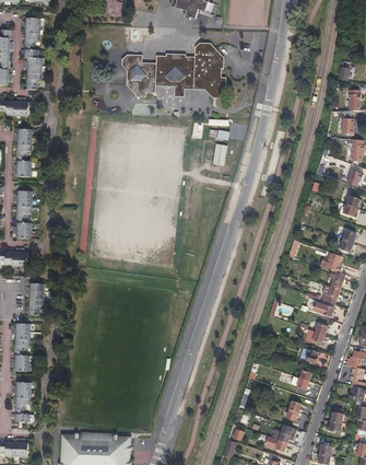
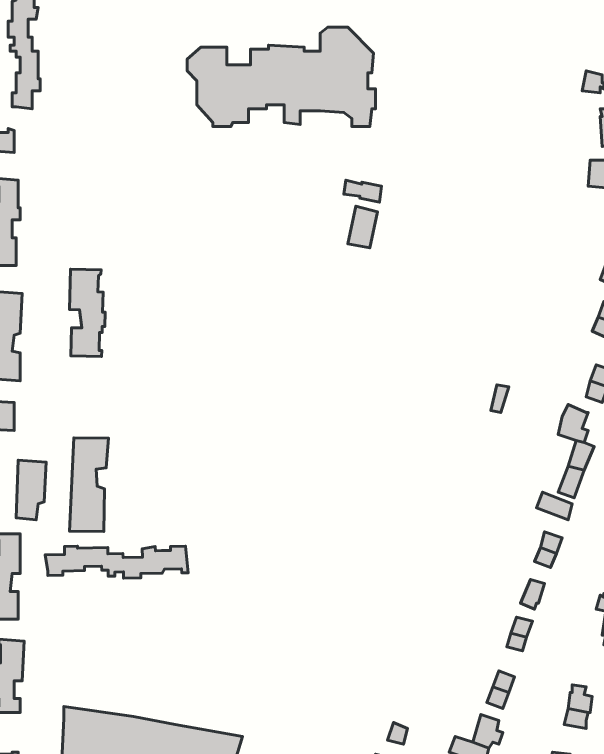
building: none -> [69,269,105,357]
building: none -> [69,438,108,531]
building: none -> [45,546,188,578]

